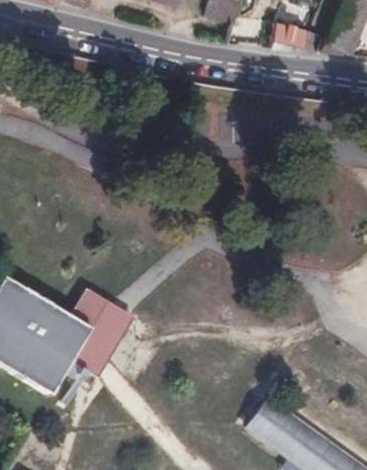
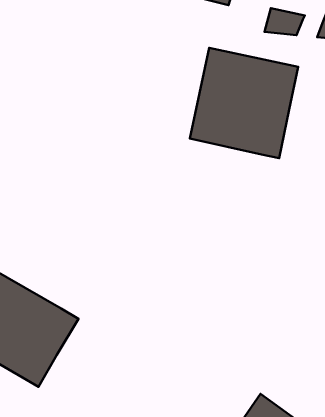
building: none -> [190,48,298,158]
building: [69,290,131,377] -> none

